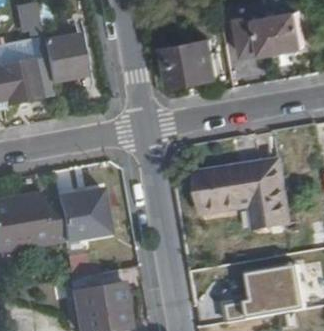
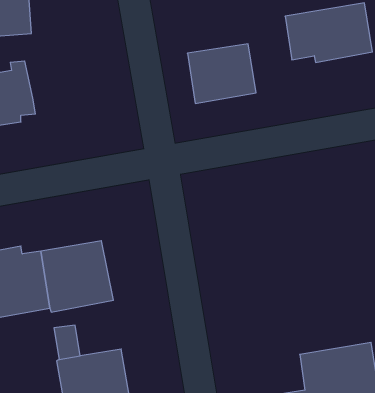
building: [38,32,86,80] -> none
building: [194,159,292,234] -> none

